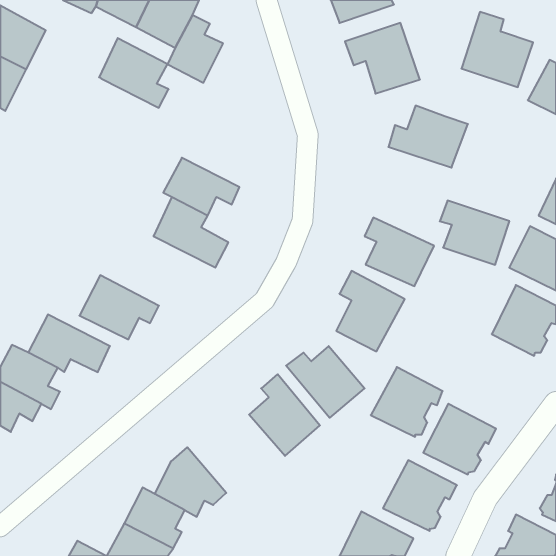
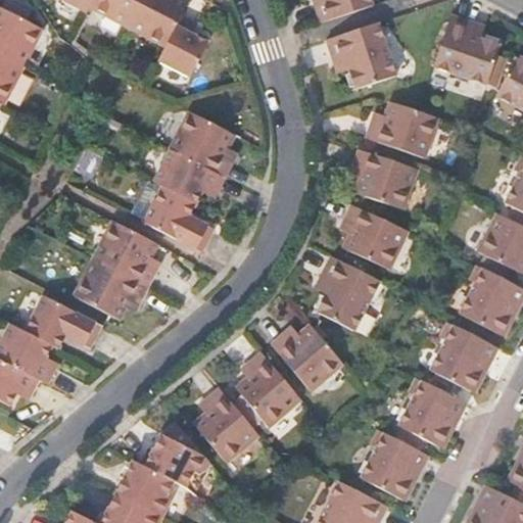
building: [99,38,169,108] -> [169,110,234,176]
building: [440,201,509,265] -> [350,147,416,207]
building: none -> [94,221,158,287]
building: [371,367,443,437] -> [431,325,498,390]
building: none -> [192,387,259,463]

